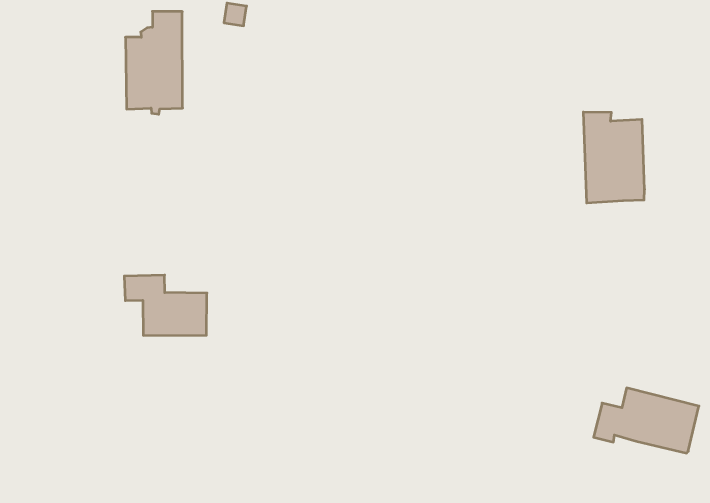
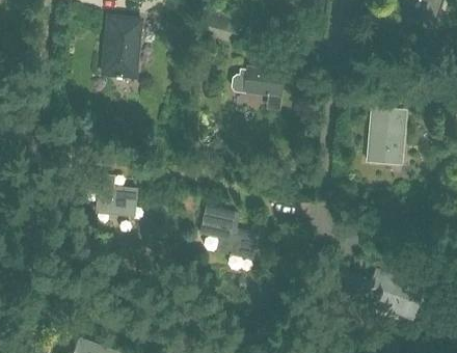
building: none -> [232,67,284,98]
building: none -> [201,207,260,261]

